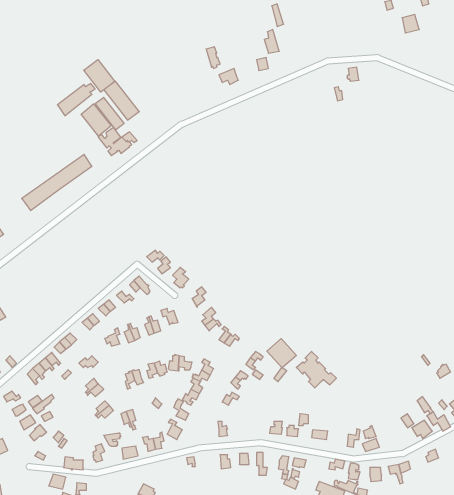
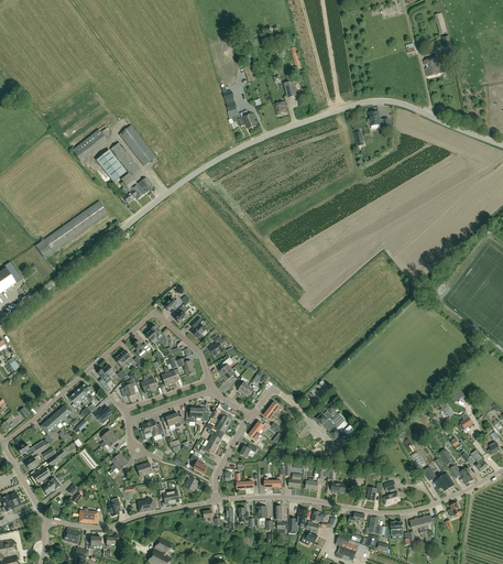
building: [84,60,115,92] -> none
building: [267,339,296,368] -> none

